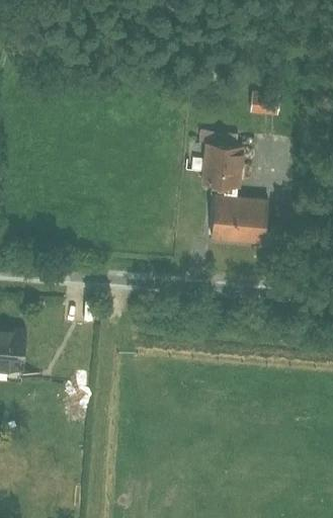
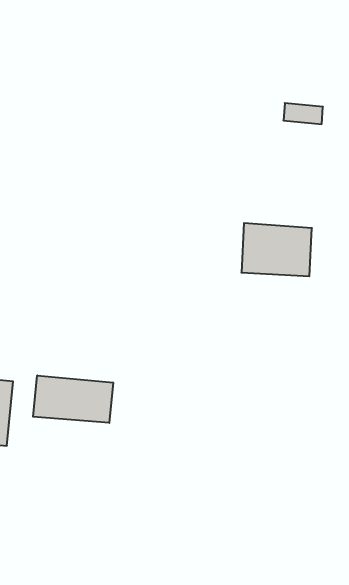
building: [204,144,236,183] -> none
building: none -> [33,375,113,423]

